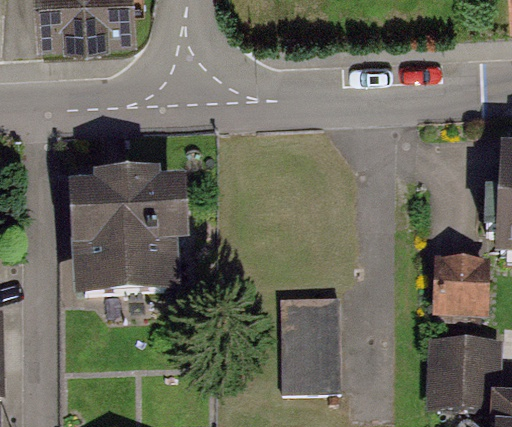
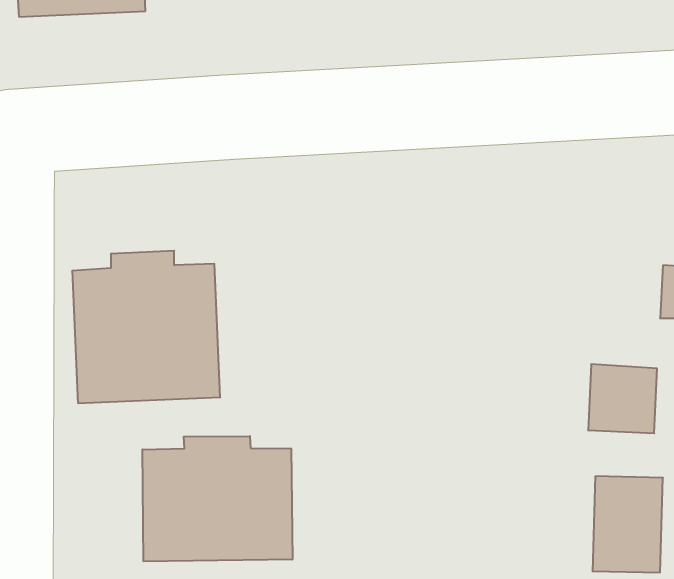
building: [281,296,338,388] -> none
building: none -> [142,436,292,561]

